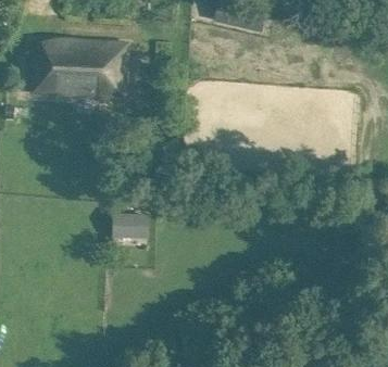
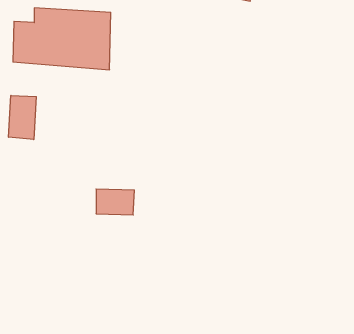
building: none -> [9,95,36,140]

